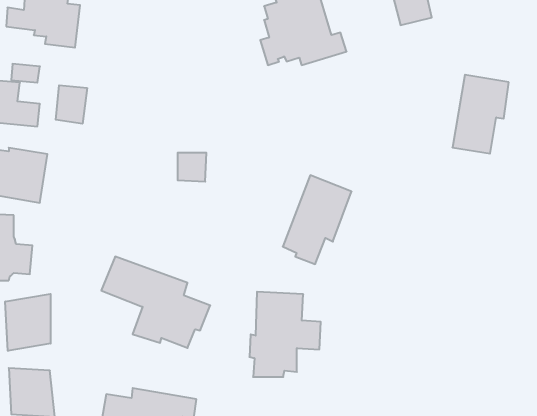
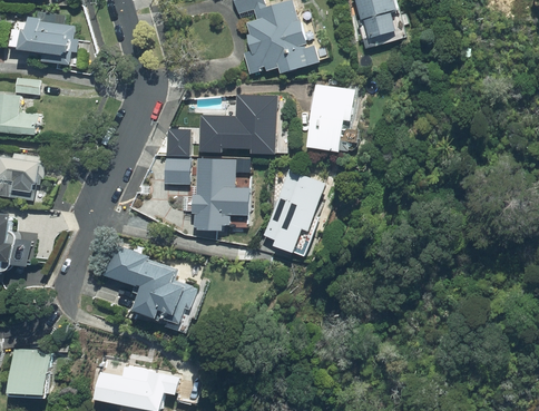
building: [452,75,509,154] -> [301,88,351,158]
building: none -> [199,92,278,151]
building: [56,85,87,124] -> none
building: none -> [168,127,190,151]
building: [249,292,321,377] -> [187,159,251,235]
building: [5,294,51,351] -> none

